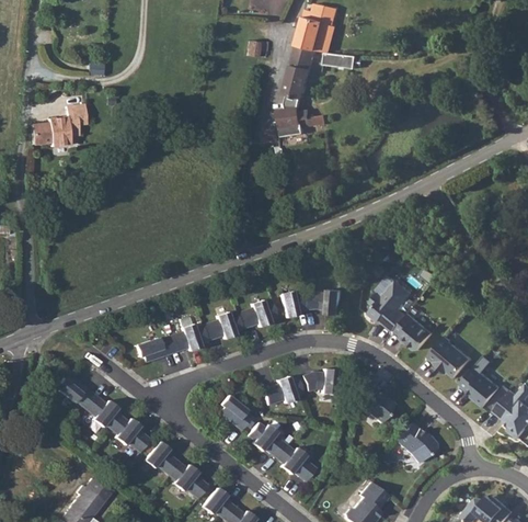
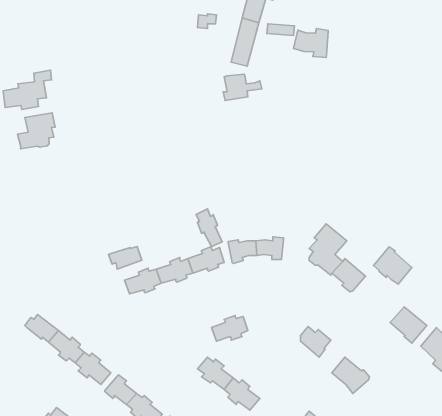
building: none -> [294,28,328,58]
building: none -> [17,113,55,149]
building: none -> [196,209,222,247]
building: [429,336,472,377] -> [373,247,412,284]
building: [135,337,172,362] -> [108,246,142,269]
building: [302,368,336,394] -> none
building: [219,396,252,430] -> none

